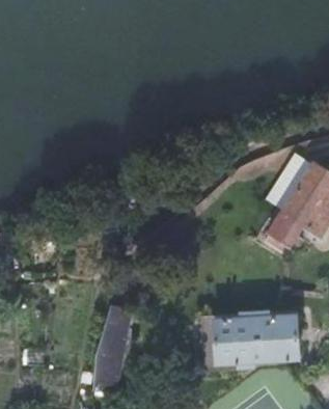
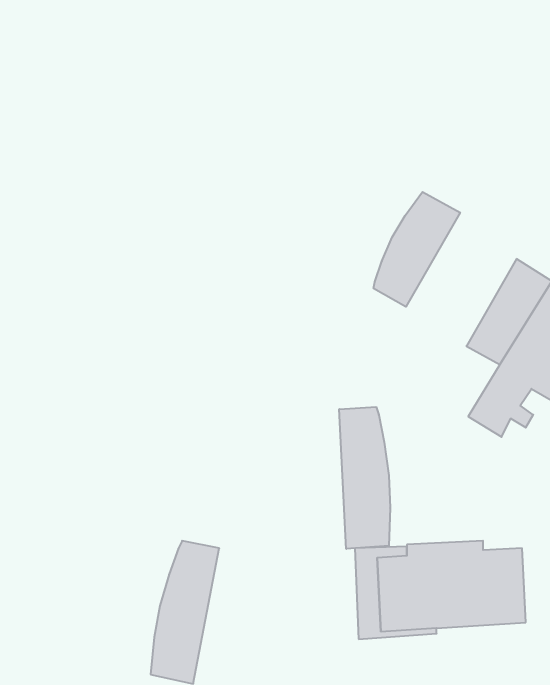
building: none -> [374,192,460,307]
building: none -> [339,407,390,549]

